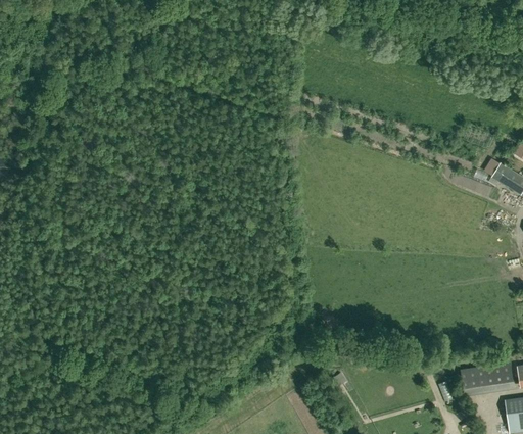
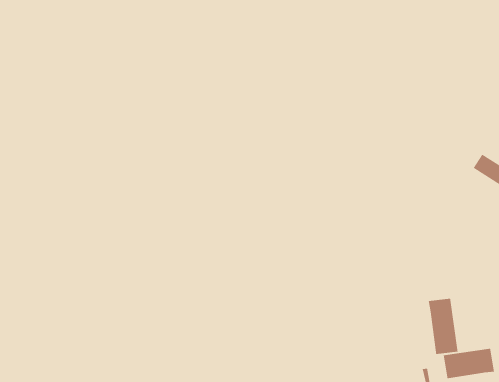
building: none -> [428,298,458,355]

